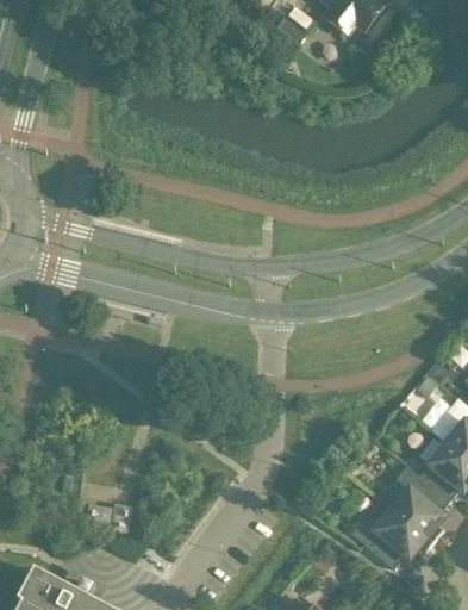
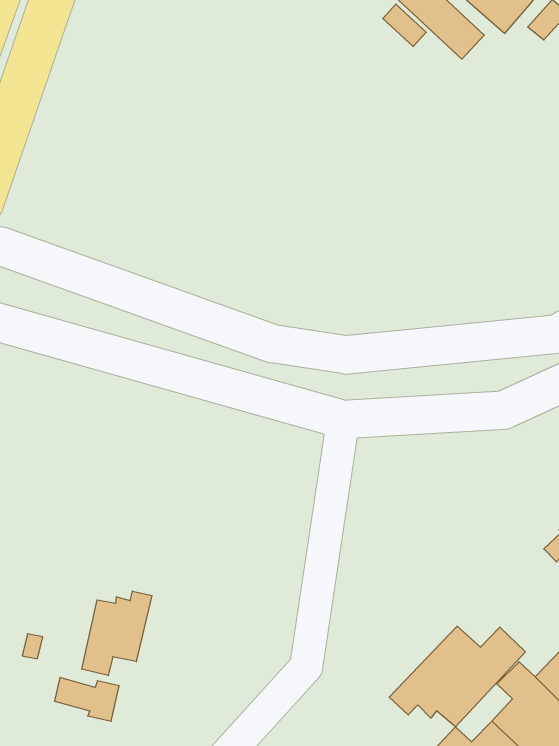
building: none -> [82,591,152,676]
building: none -> [389,626,525,727]

